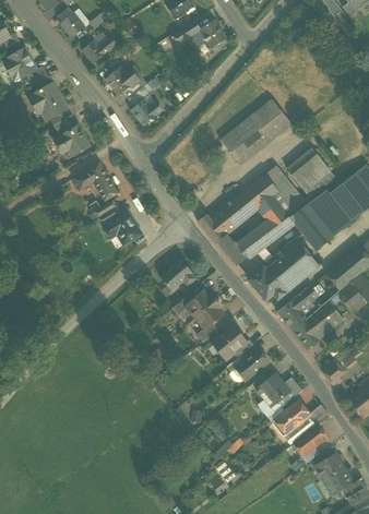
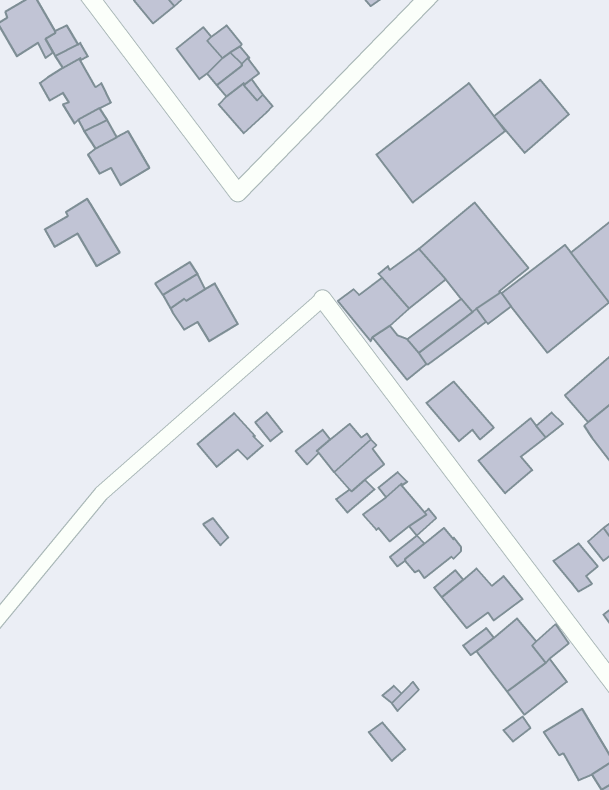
building: [286,150,329,191] -> [494,80,569,153]
building: [74,163,117,201] -> [45,199,120,266]
building: [262,239,318,294] -> none
building: [159,260,197,290] -> [197,413,263,467]
building: [291,300,344,349] -> none

